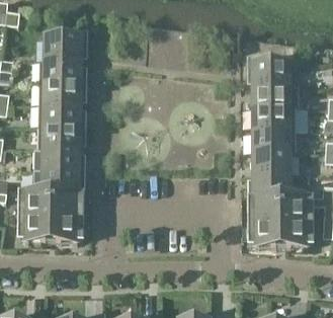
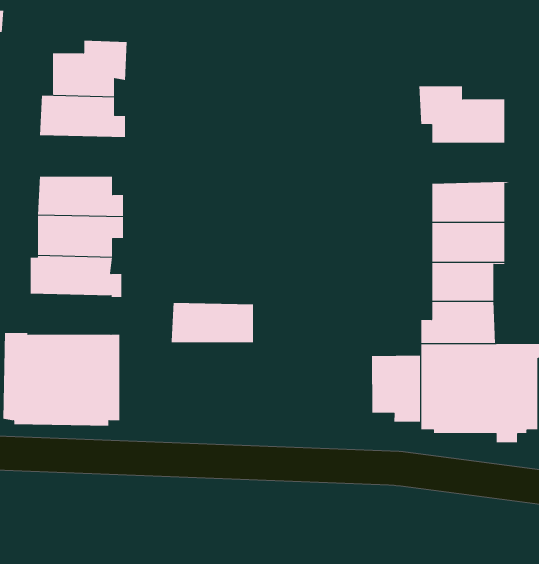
building: [37,80,85,102] -> none
building: [253,84,298,106] -> none
building: [31,167,77,189] -> [171,302,254,343]
building: none -> [372,355,420,422]

